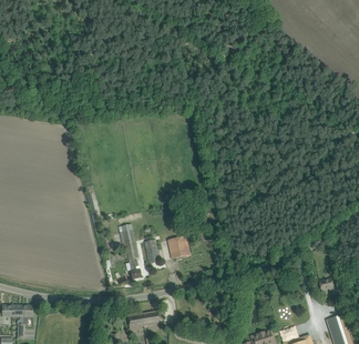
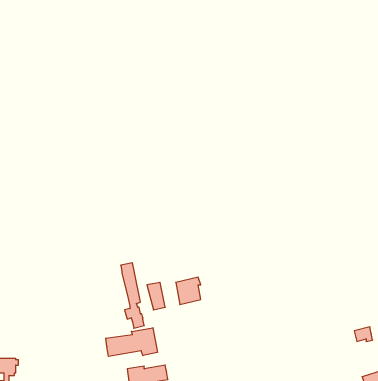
building: none -> [106,328,157,356]

